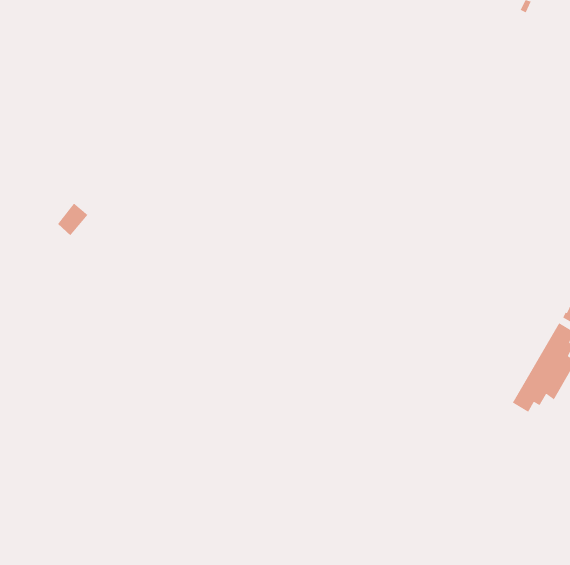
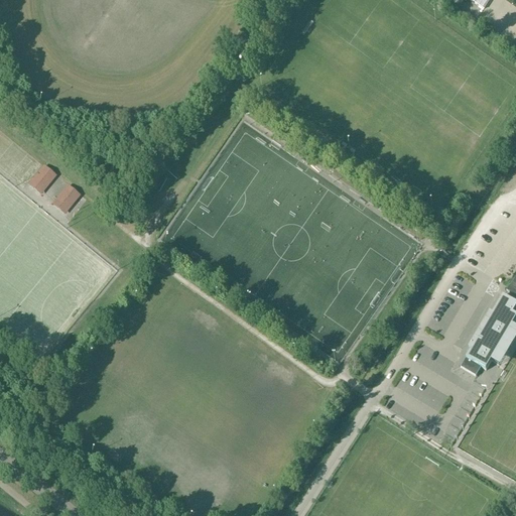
building: none -> [29,163,57,192]

